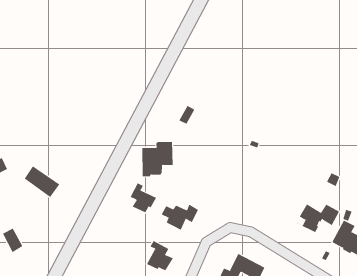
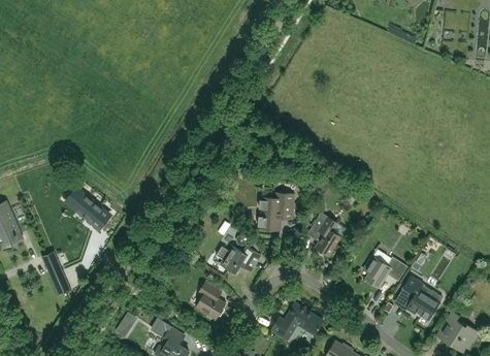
building: [141,141,174,177] -> [258,193,294,230]
building: none -> [311,213,346,256]
building: [130,183,157,213] -> none

